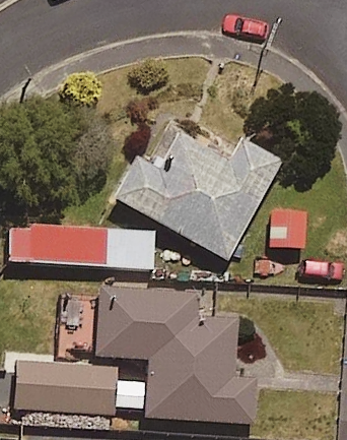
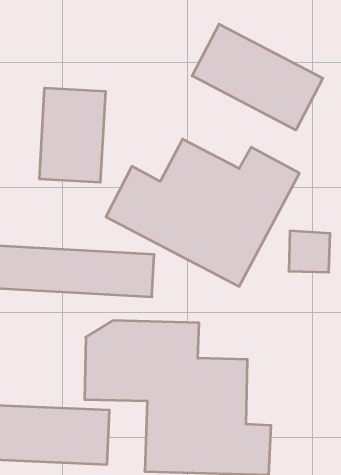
building: none -> [192,24,323,130]
building: none -> [40,88,105,182]

